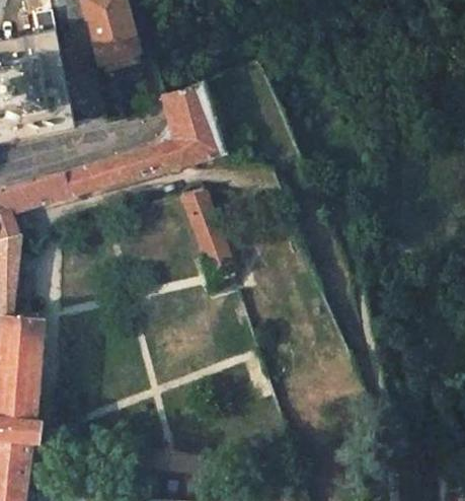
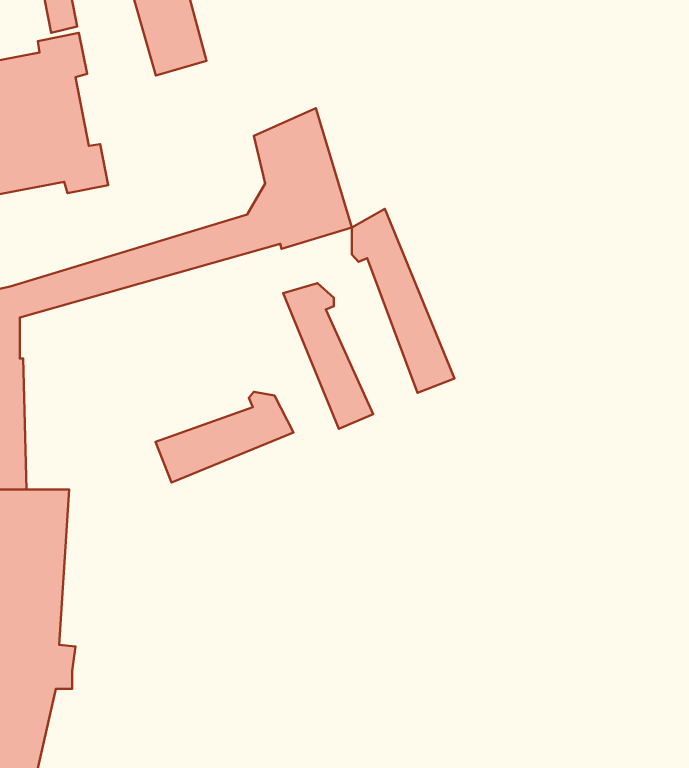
building: none -> [352,209,454,393]
building: none -> [155,392,293,482]

